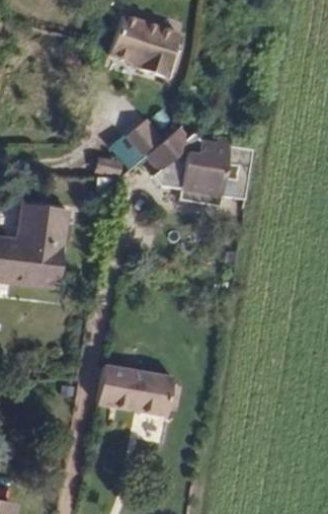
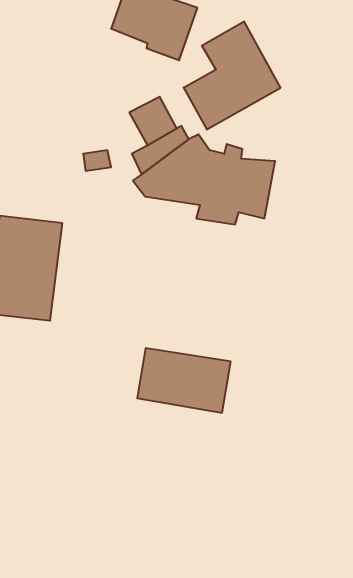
building: none -> [184,21,280,130]
building: [93,361,171,415] -> [137,348,231,413]

